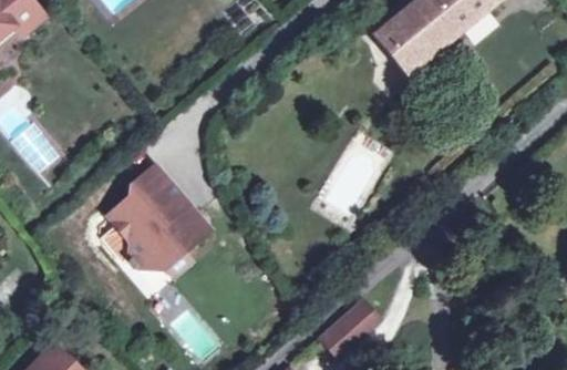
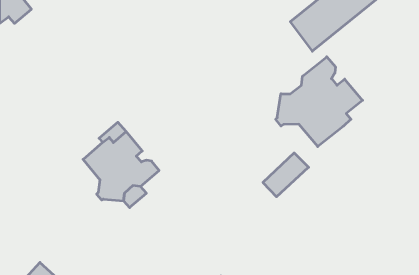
building: none -> [276,57,363,147]
building: [319,300,379,358] -> [263,153,309,197]

